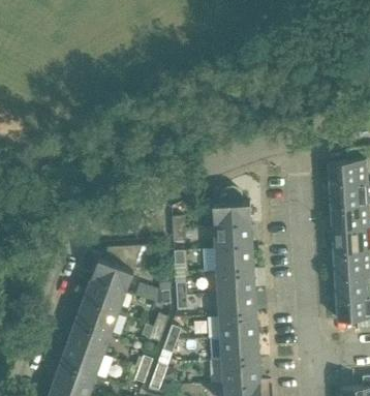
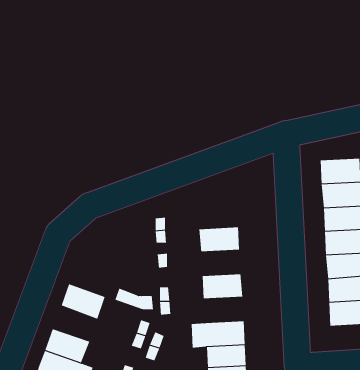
building: [212,187,251,229] -> none
building: [90,246,148,293] -> none
building: [215,248,253,273] -> none
building: [217,293,256,317] -> none
building: [74,301,118,335] -> none

